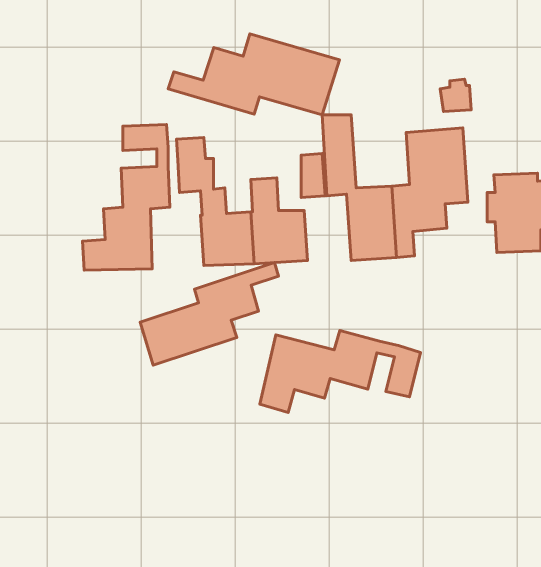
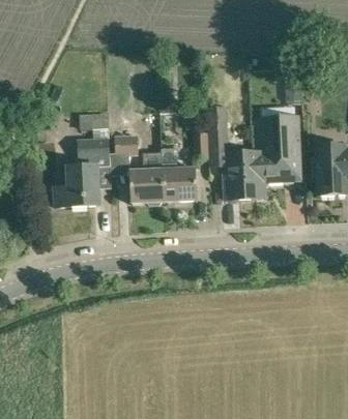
building: [168,34,339,115] -> none
building: [140,263,279,365] -> none
building: [260,330,420,413] -> none

